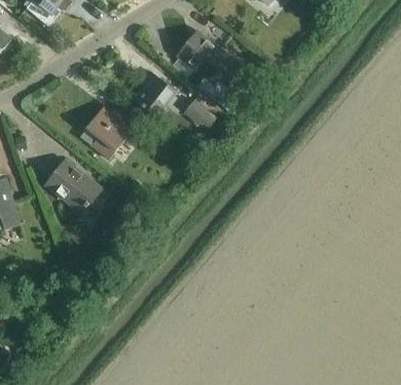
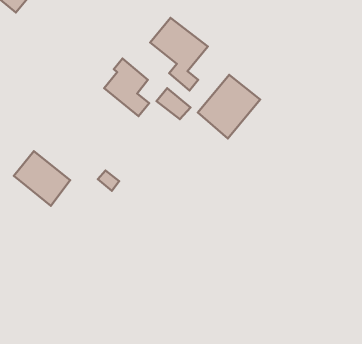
building: none -> [198,75,260,139]
building: [85,107,131,160] -> none

